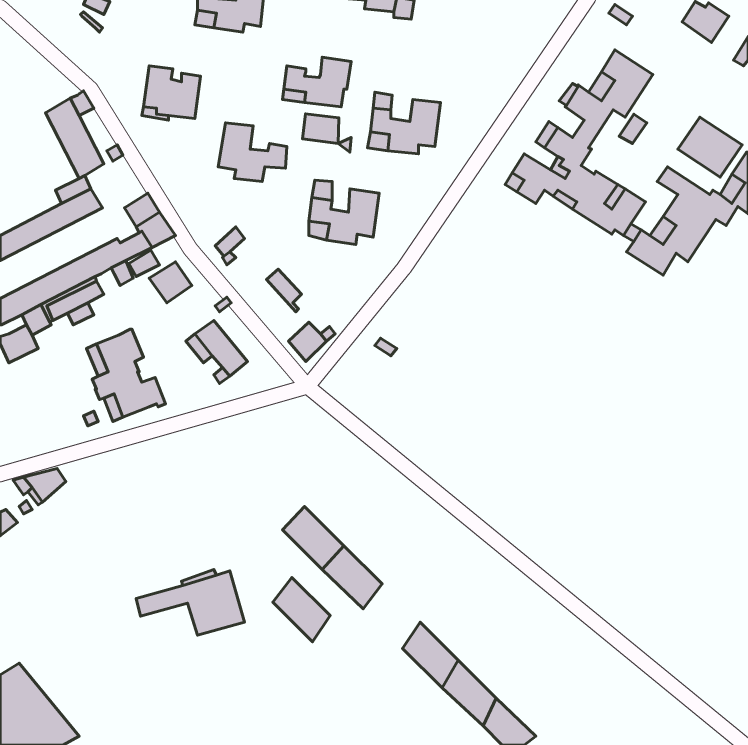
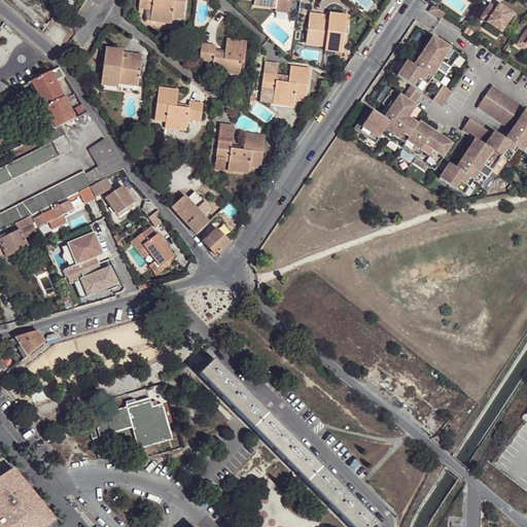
building: none -> [308,14,348,47]
building: [302,114,339,143] -> none
building: none -> [172,194,209,233]
building: [273,577,330,642] -> [255,411,295,456]

